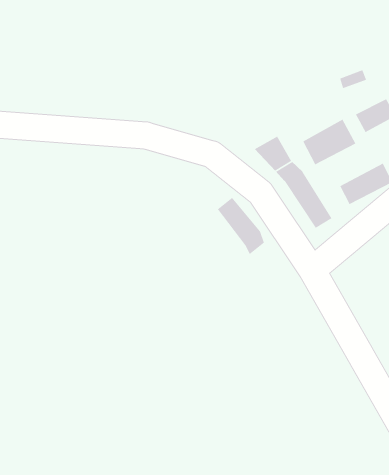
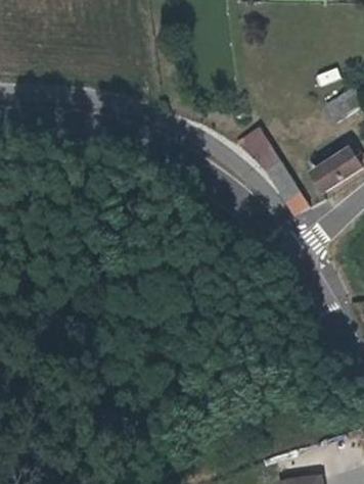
building: [302,119,357,165] -> none
building: [217,197,265,255] -> none

